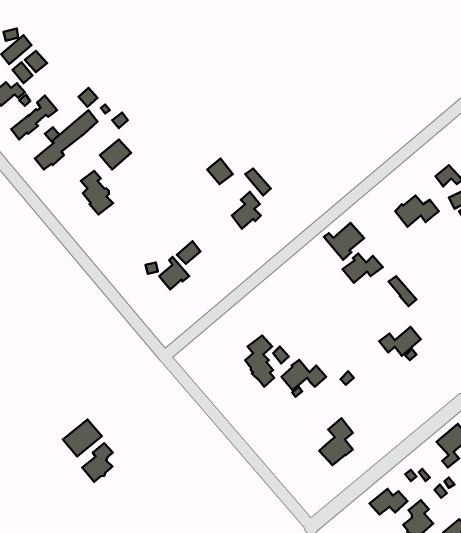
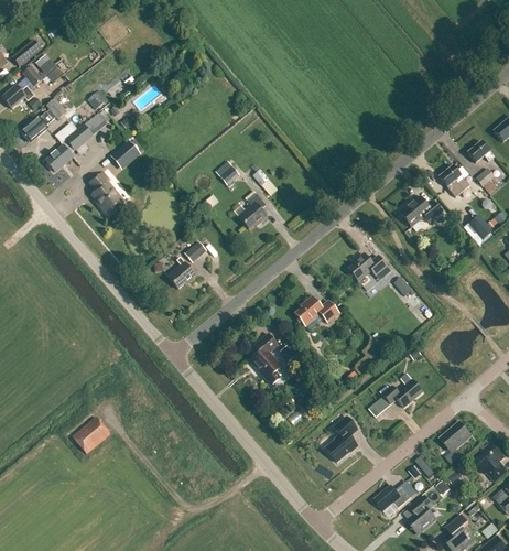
building: [324,223,364,260] -> none
building: [379,327,421,356] -> [381,379,422,408]
building: [281,360,326,390] -> [294,296,338,326]
building: [82,443,113,482] -> none

